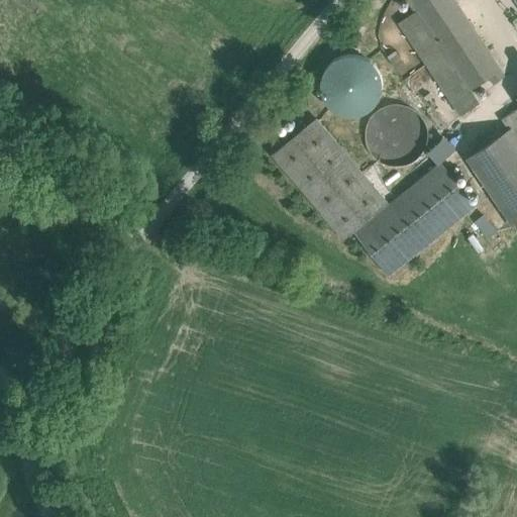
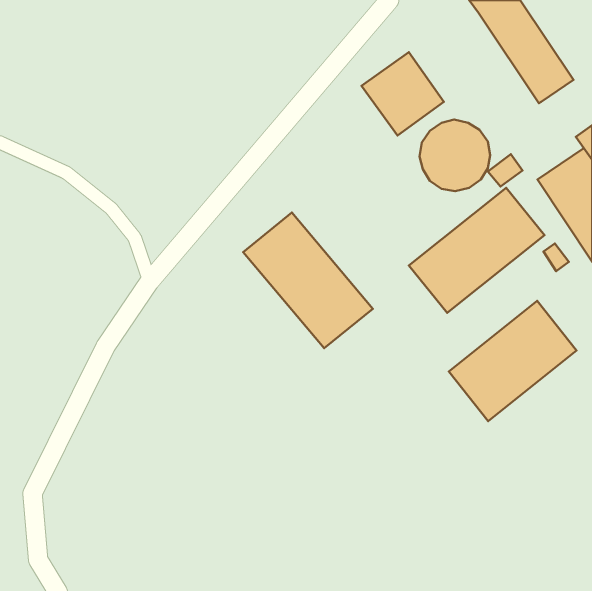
building: [399,12,480,116] -> none
building: [274,120,387,238] -> [243,213,373,348]
building: none -> [449,301,576,421]

